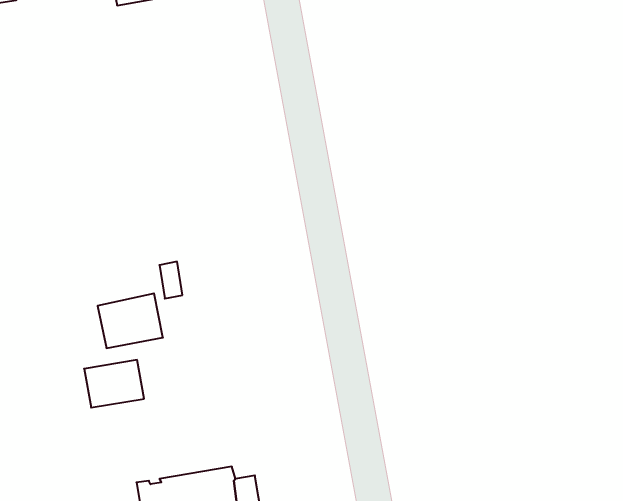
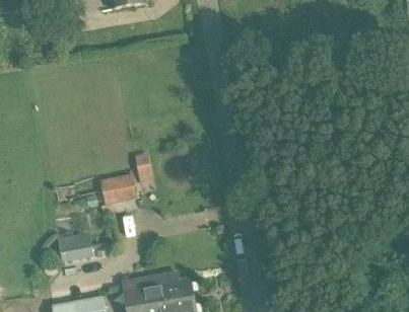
building: [84,360,144,408] -> [56,233,90,260]

